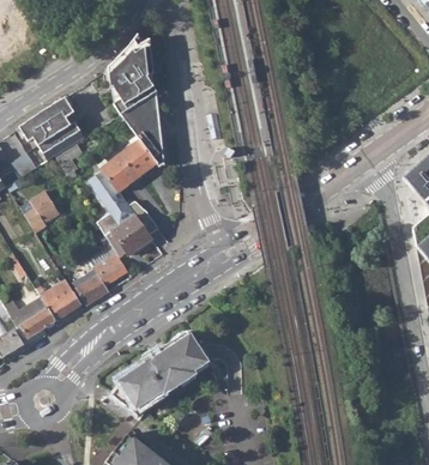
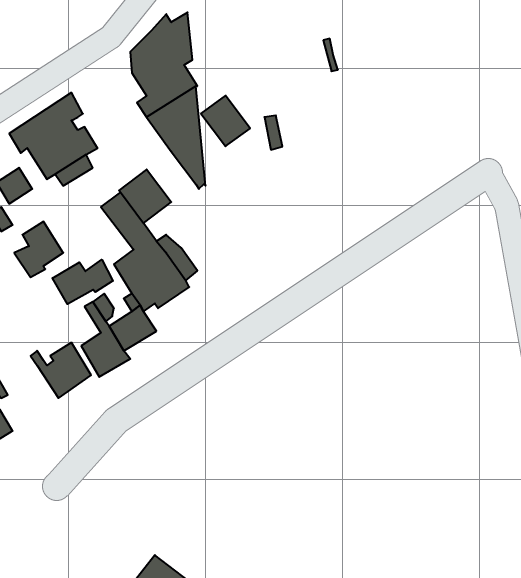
building: [120,140,156,177] -> [201,96,250,146]
building: none -> [52,260,113,304]
building: [18,297,55,338] -> none
building: [111,332,207,409] -> none

